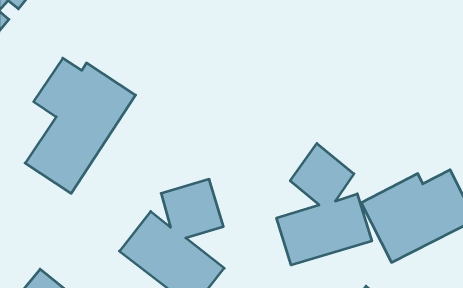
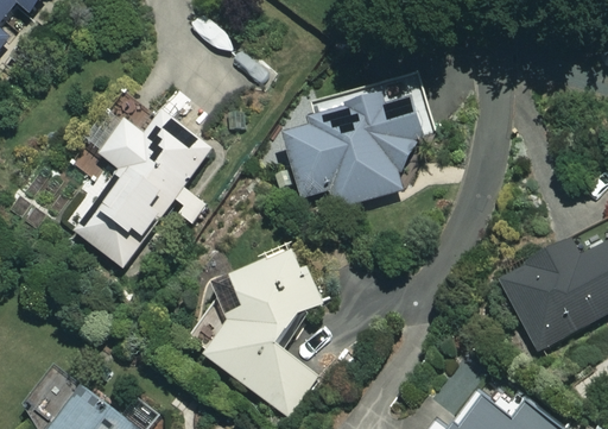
building: none -> [253,94,418,229]
building: [277,143,372,265] -> none

